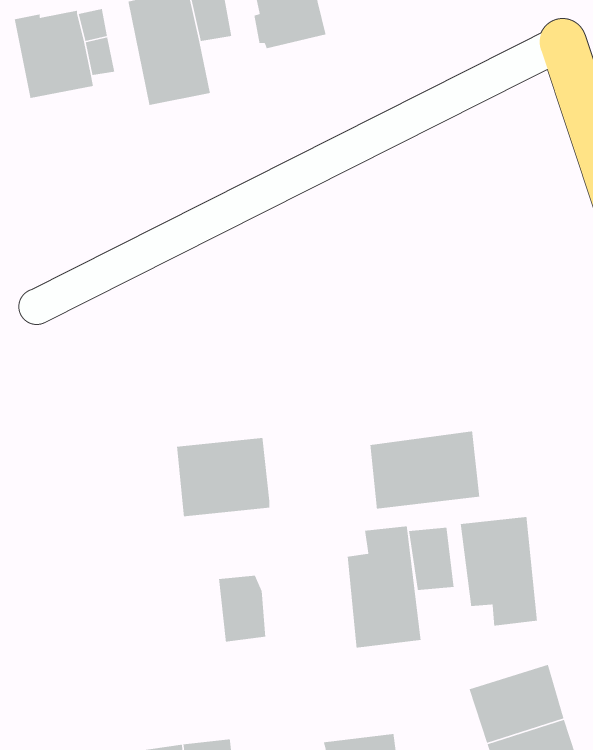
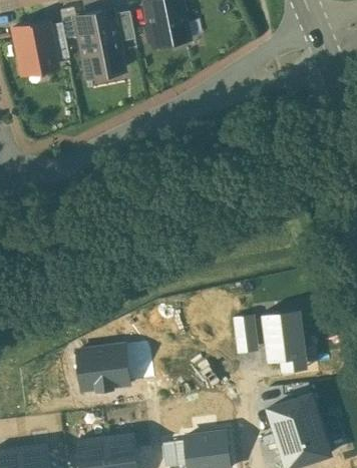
building: [369,431,480,509] -> none
building: [176,437,270,517] -> [76,346,129,391]
building: [347,526,422,648] -> none

